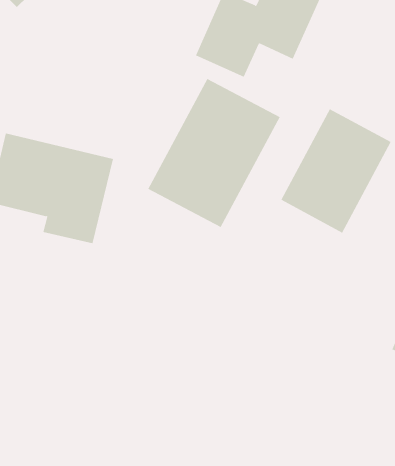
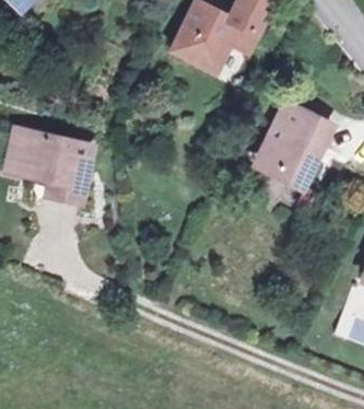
building: [147,78,280,228] -> none

